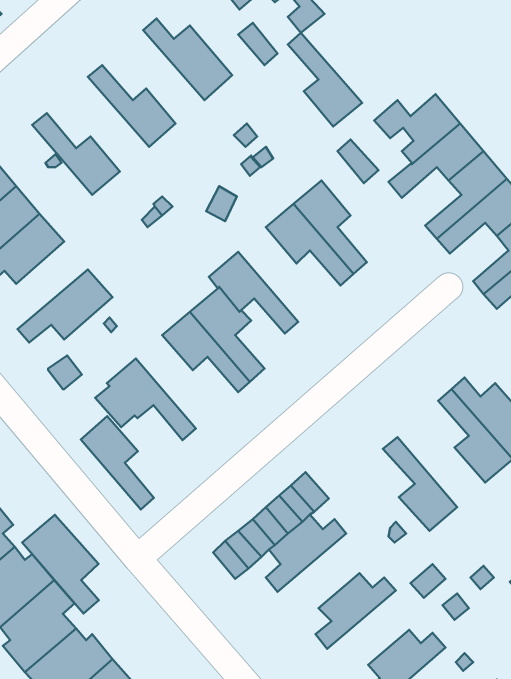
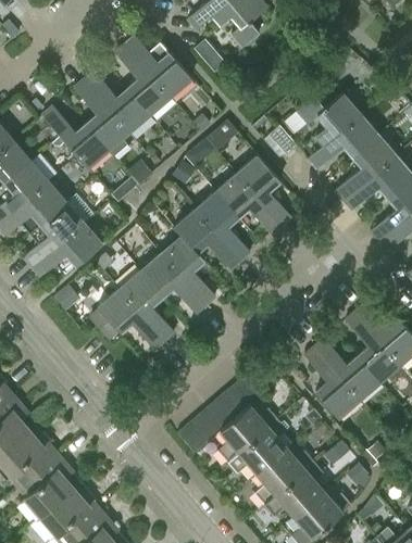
building: [288,33,362,126] -> [115,45,171,114]
building: none -> [74,79,130,159]
building: none -> [196,191,251,262]
building: none -> [23,201,92,267]
building: [81,416,154,509] -> [120,272,174,341]
building: none -> [314,339,379,400]
building: [22,515,99,613] -> none
building: none -> [225,419,287,475]
building: none -> [262,462,323,517]

